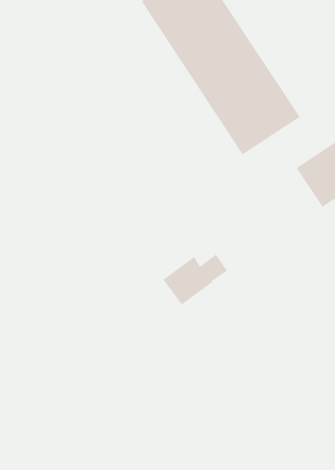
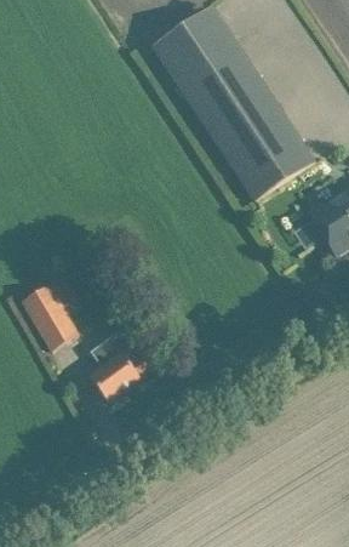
building: none -> [21,279,78,344]
building: [162,254,228,305] -> [88,344,155,397]

